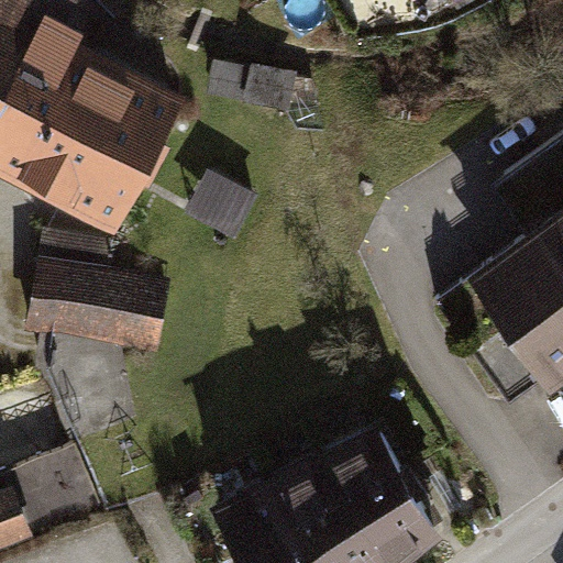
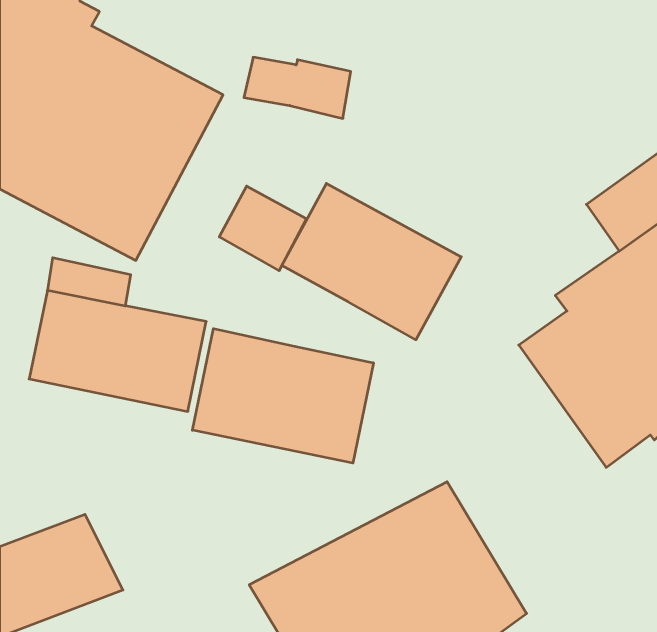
building: none -> [282,183,461,340]
building: none -> [192,329,373,463]

